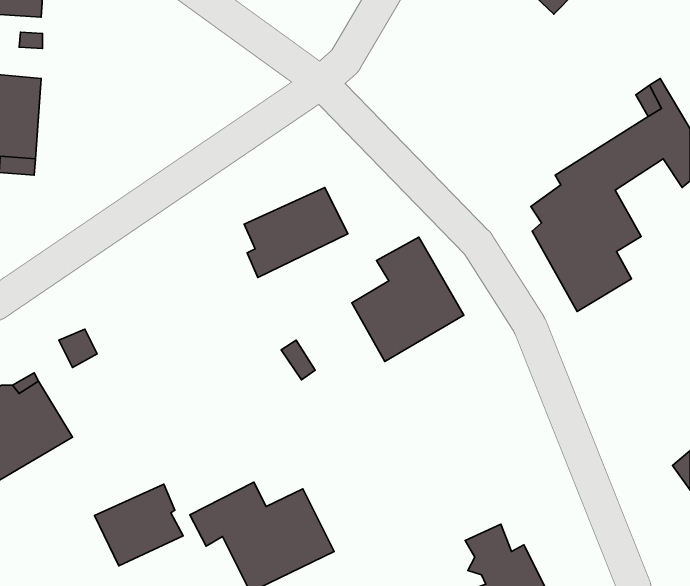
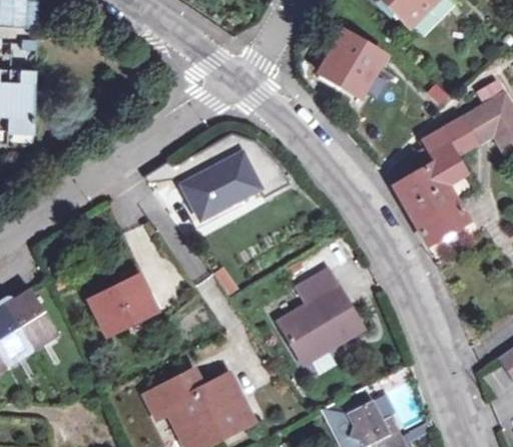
building: none -> [322,34,383,95]
building: [352,237,464,361] -> [279,271,361,362]
building: [94,484,183,566] -> [89,274,154,334]

